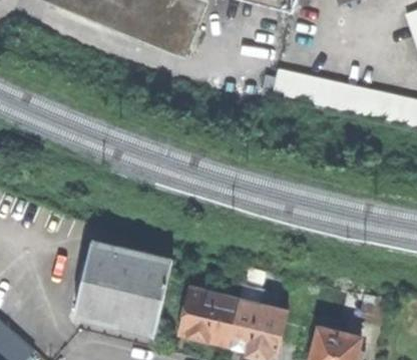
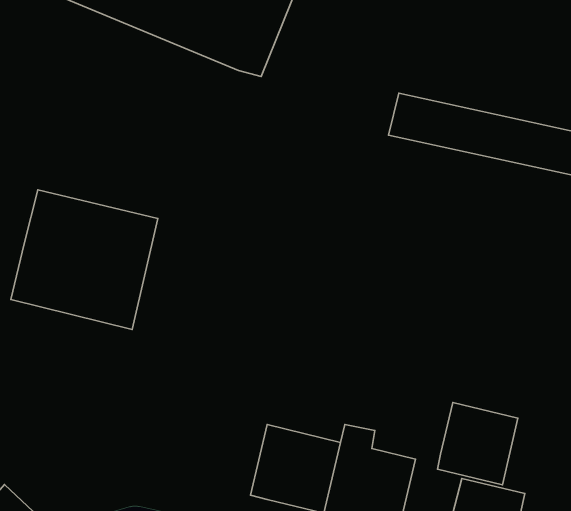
building: [74,239,172,332] -> [11,190,158,329]
building: none -> [437,403,518,485]

